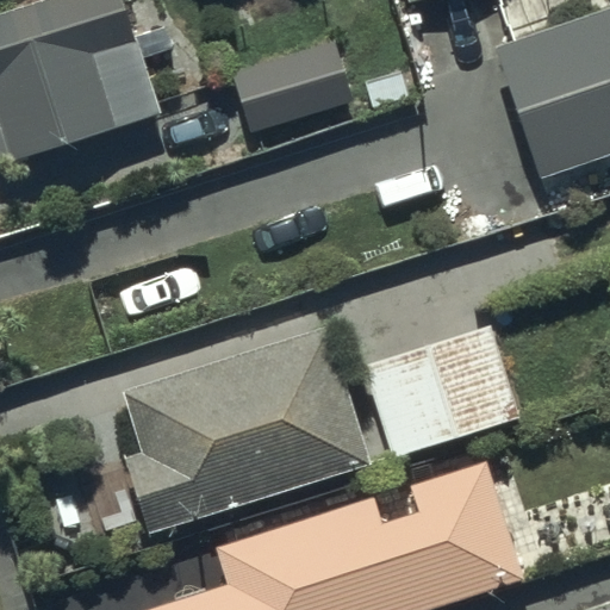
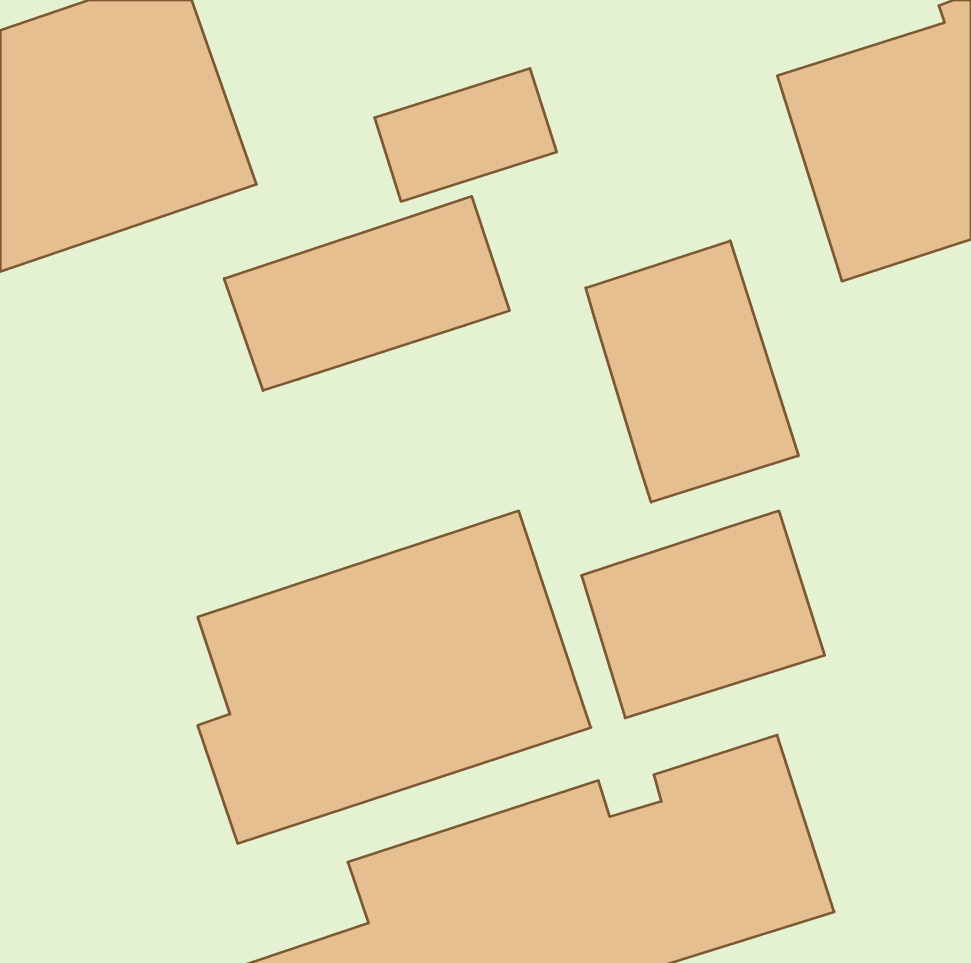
building: none -> [224,196,509,391]
building: none -> [586,241,798,502]

